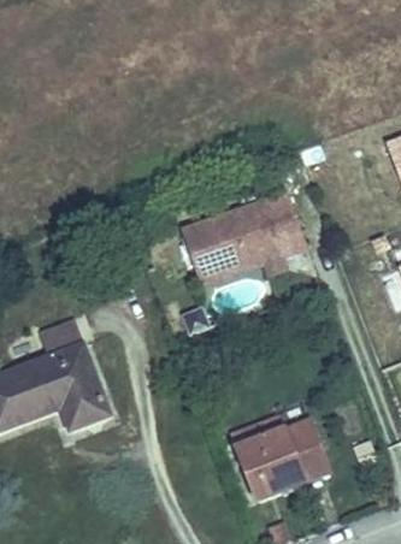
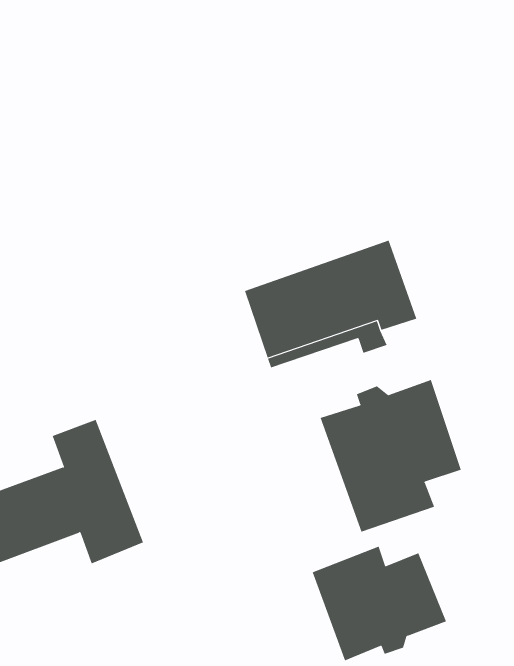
building: none -> [320,379,461,532]

